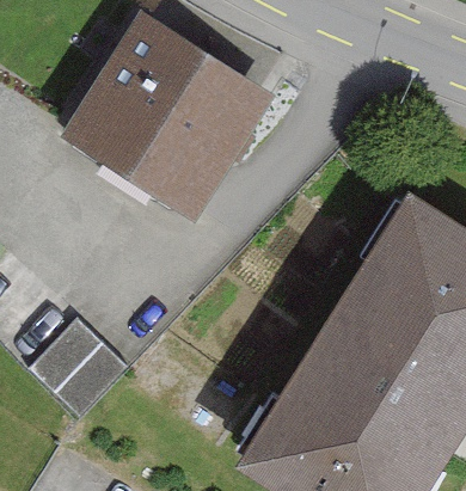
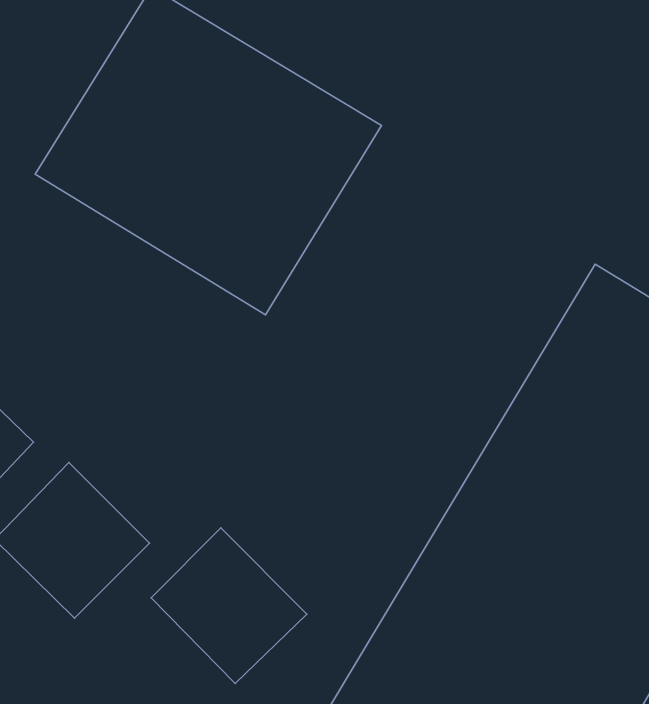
building: none -> [151,528,307,684]

